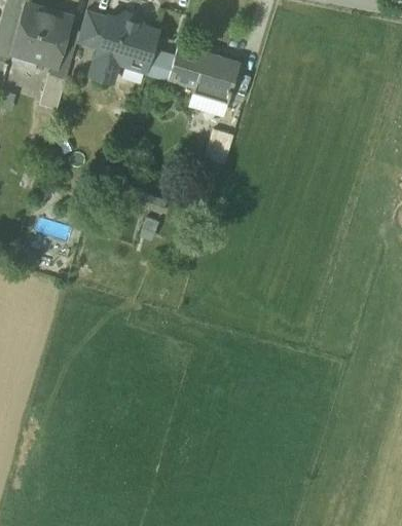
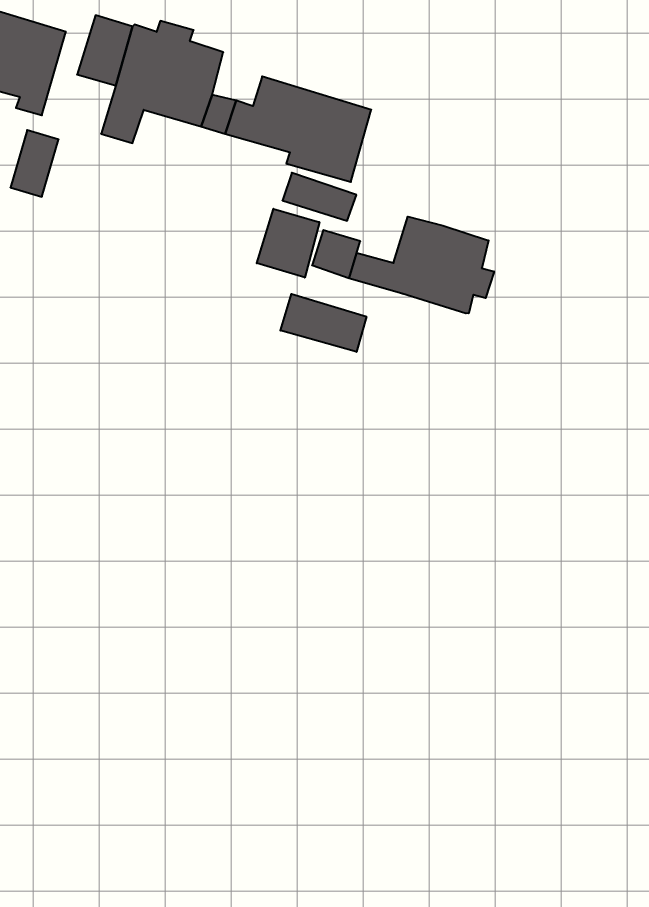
building: none -> [257,209,319,278]
building: none -> [349,217,494,313]
building: none -> [280,294,366,352]

